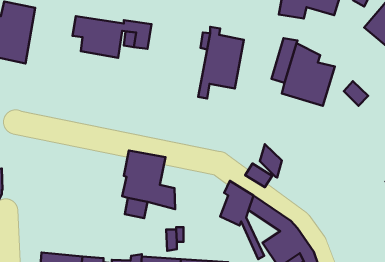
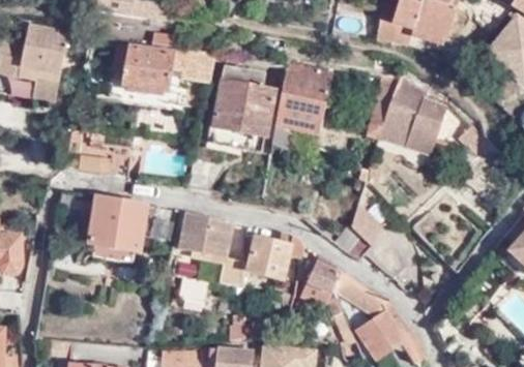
building: none -> [212,67,274,152]
building: none -> [85,140,130,176]
building: none -> [89,195,148,262]
building: none -> [243,223,305,277]

